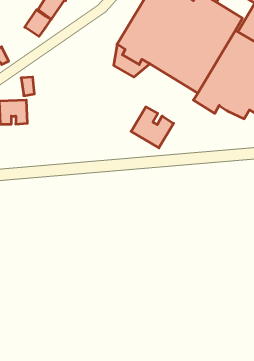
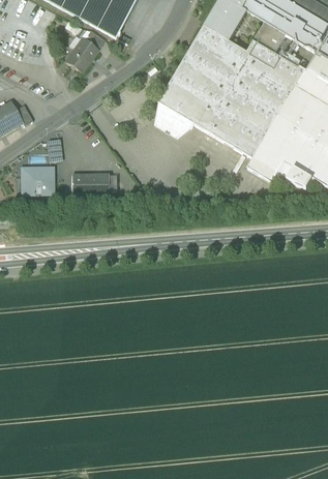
building: [25,10,51,36] -> none
building: none -> [71,173,110,192]
building: [131,107,174,148] -> none

